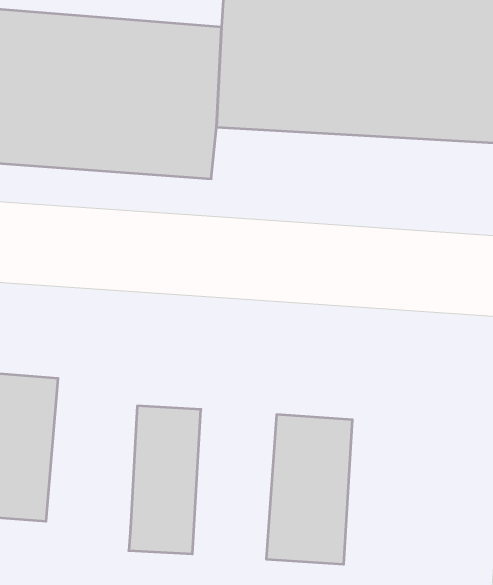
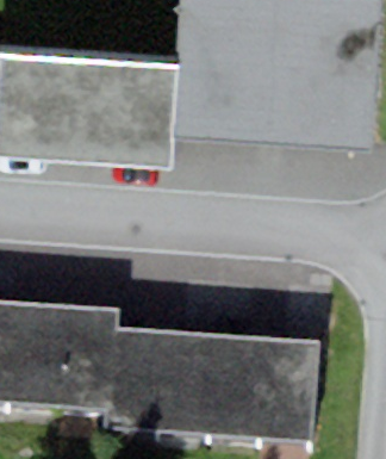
building: none -> [52,308,117,411]
building: none -> [154,329,212,433]
building: none -> [259,336,313,439]

